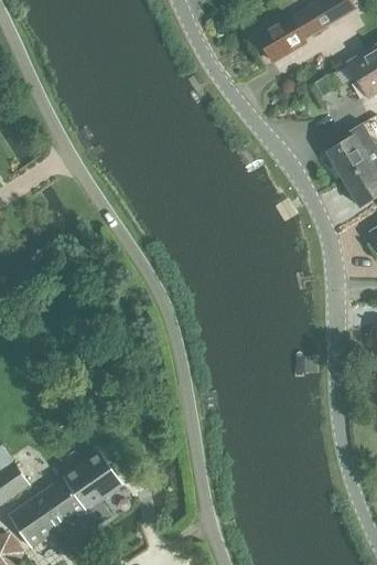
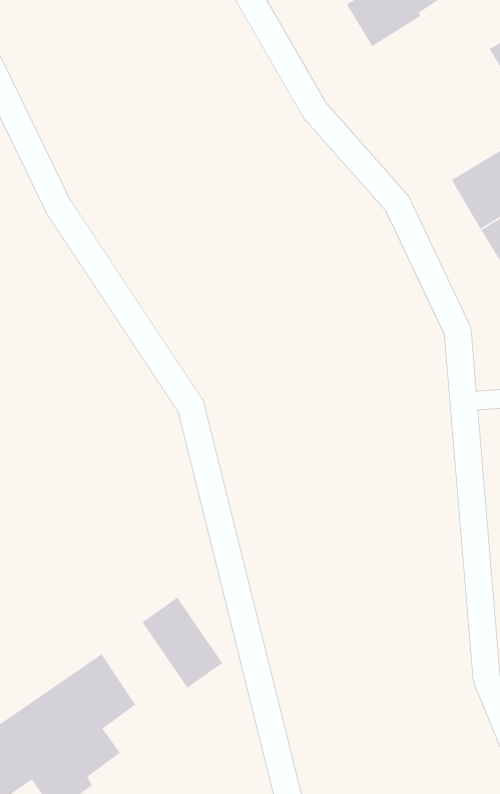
building: none -> [142,597,223,689]

